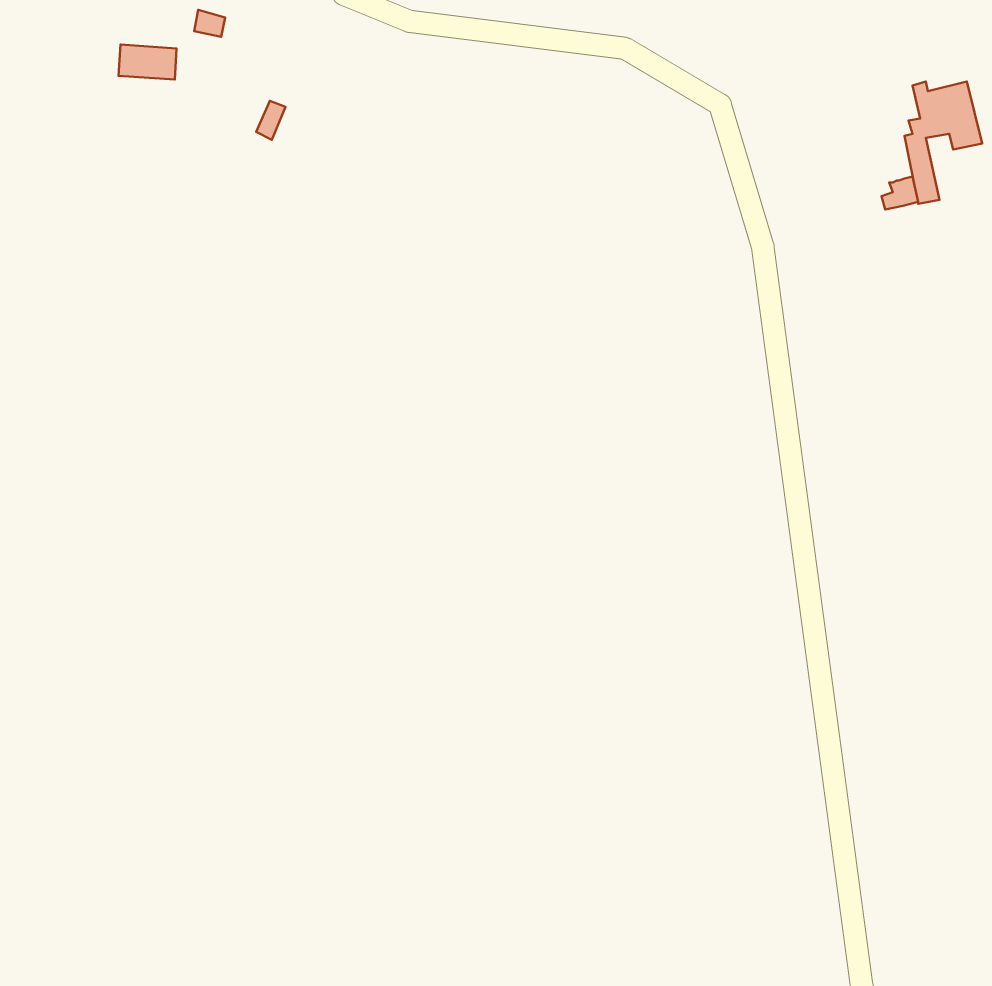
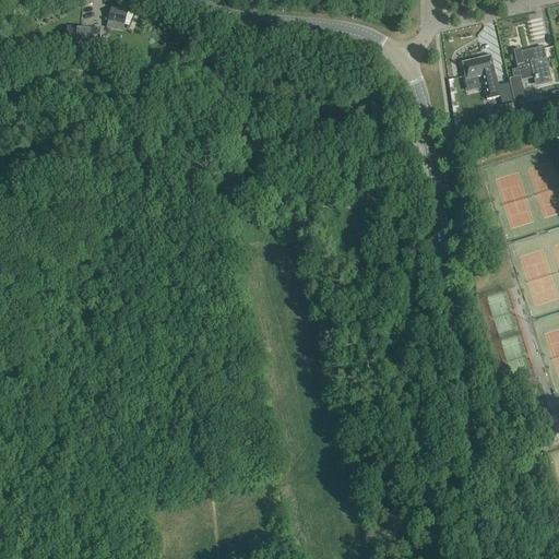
building: none -> [462,53,501,97]

